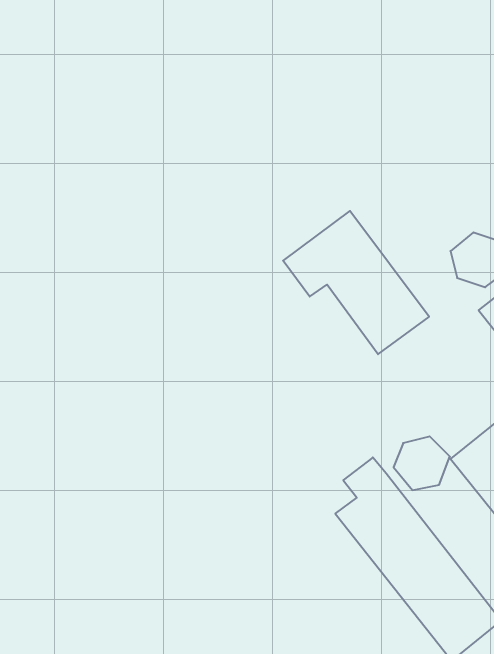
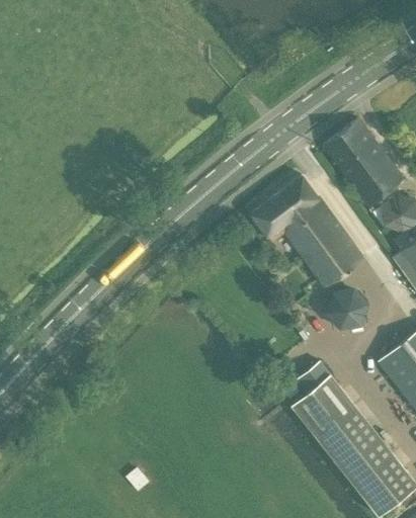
building: none -> [324,122,402,205]
building: [394,436,450,490] -> [326,289,368,330]

